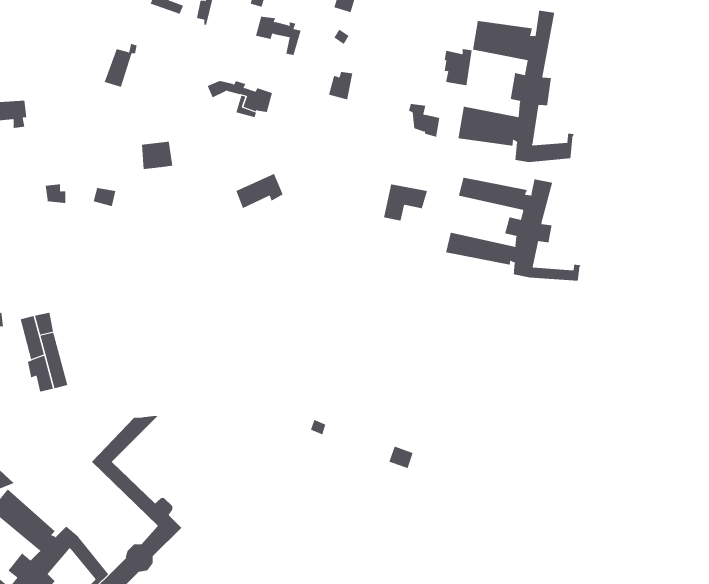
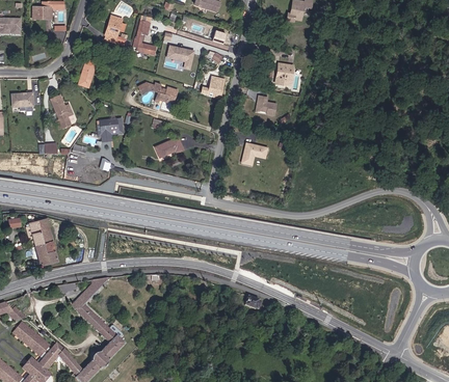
building: [458,10,574,163] -> none
building: none -> [50,94,74,127]
building: [446,177,581,281] -> none

